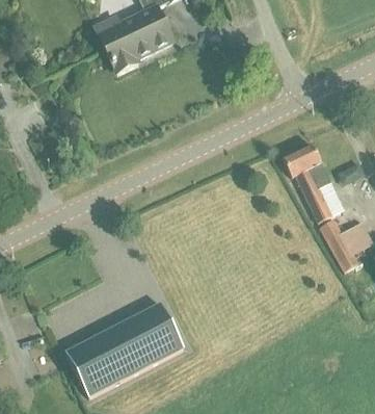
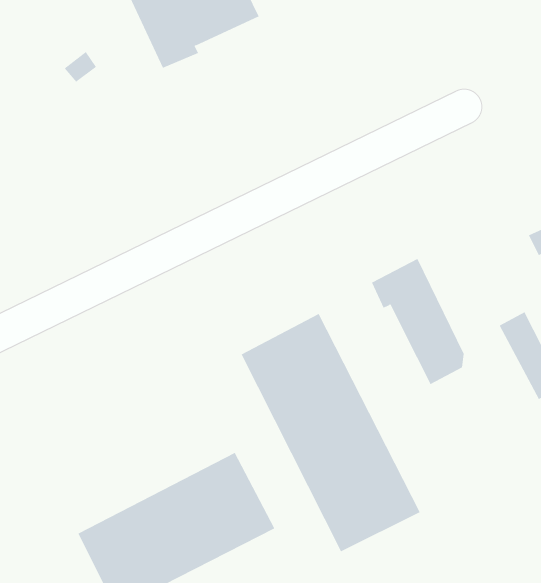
building: [282,146,338,222] -> [371,258,465,385]
building: none -> [241,313,420,552]

